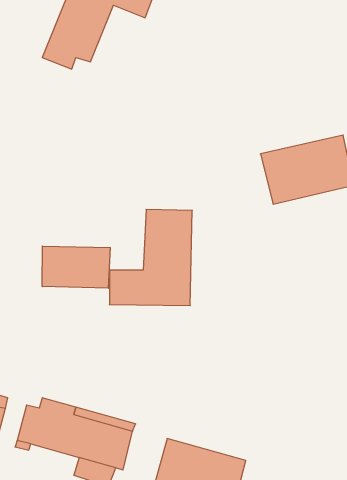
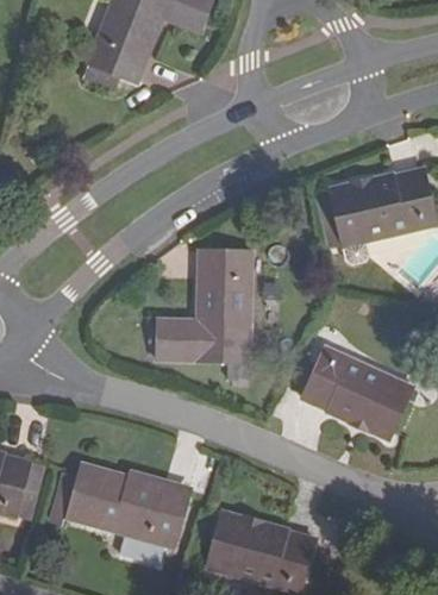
building: [42,246,110,288] -> none
building: none -> [302,347,413,439]

